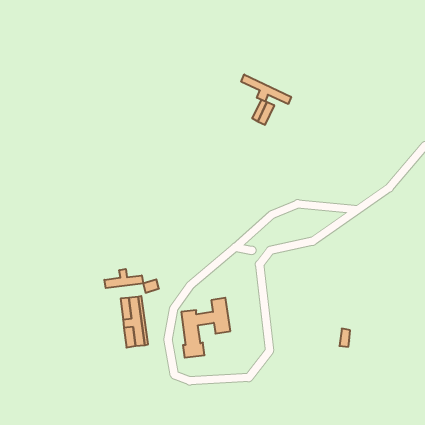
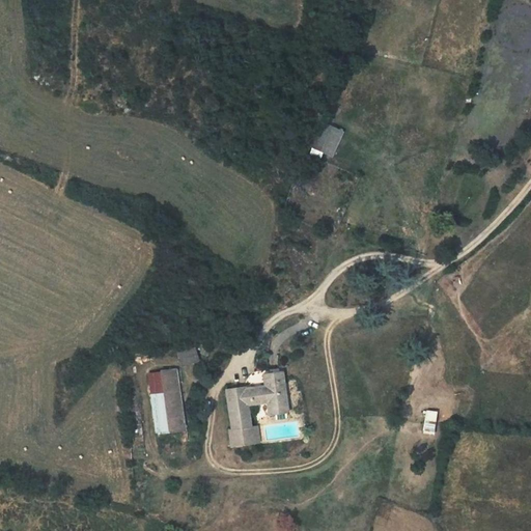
building: [241,74,291,104] -> none
building: [104,269,143,288] -> none

